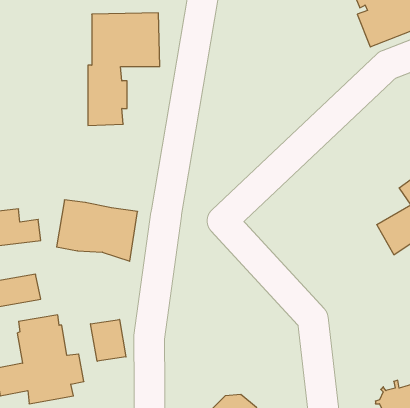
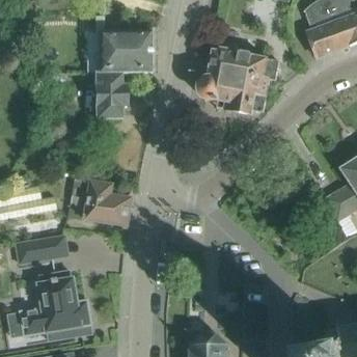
building: none -> [199,40,278,114]
building: [91,319,126,361] -> none

